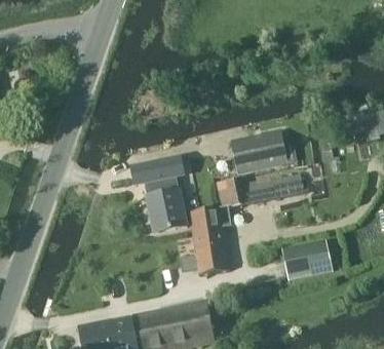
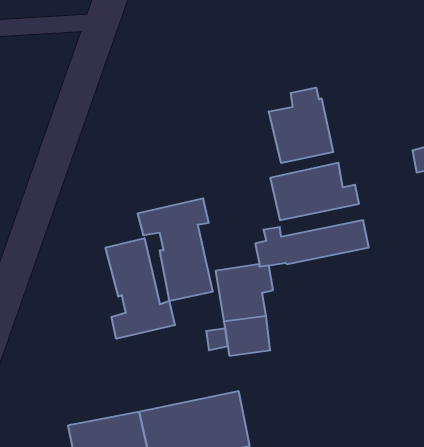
building: none -> [269,88,333,163]
building: none -> [106,238,175,339]
building: [281,239,332,279] -> none

